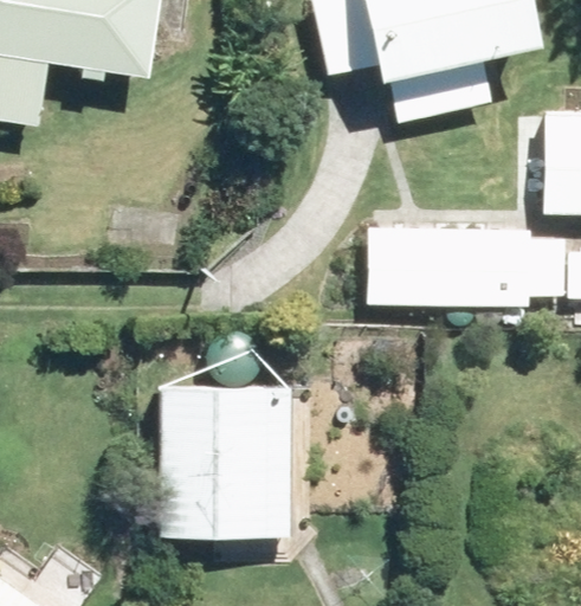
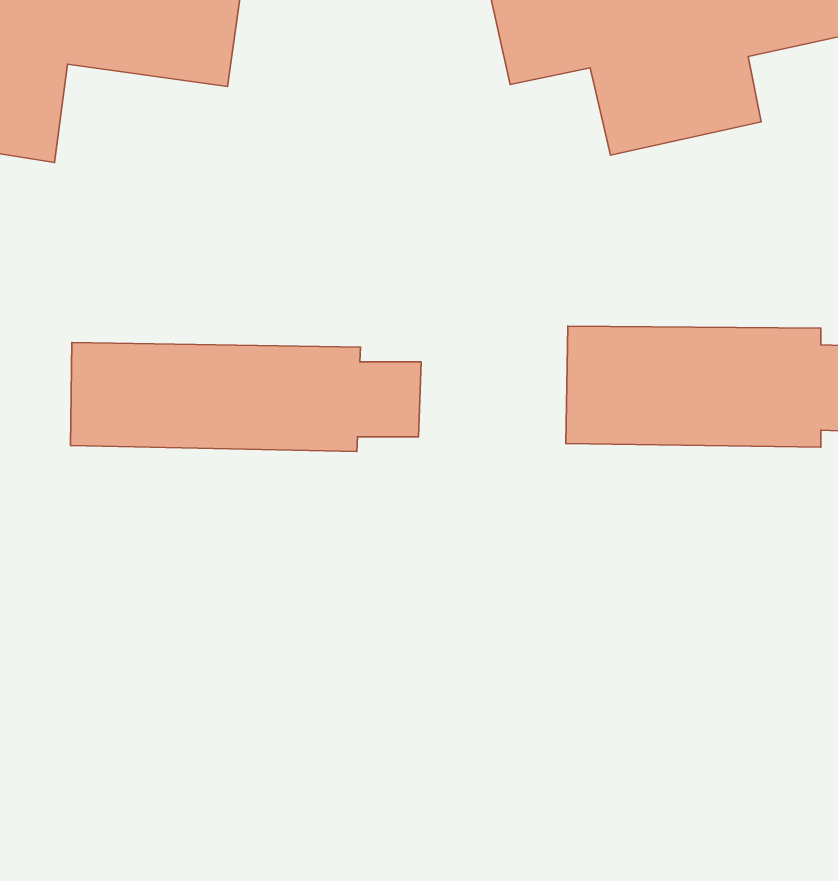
building: none -> [70,343,421,452]
building: [159,386,292,539] -> none

